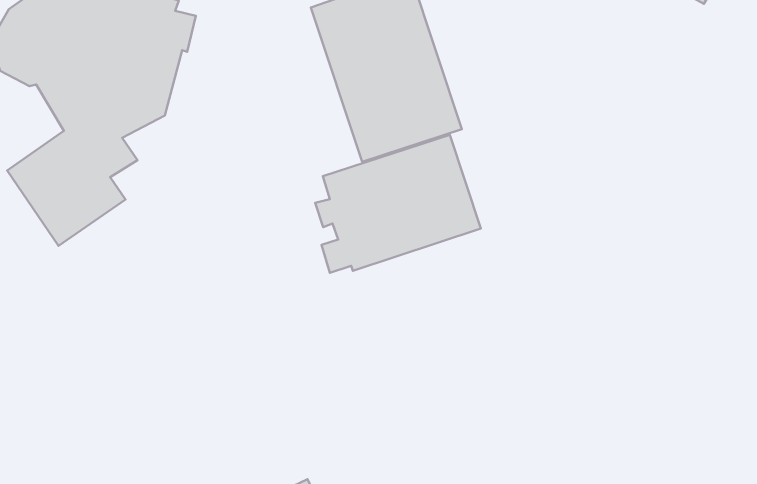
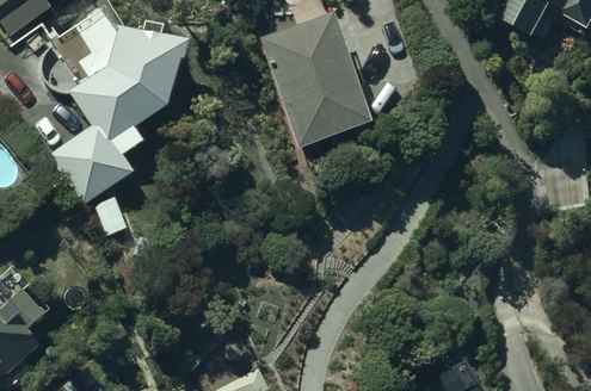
building: [315,135,481,273] -> none

